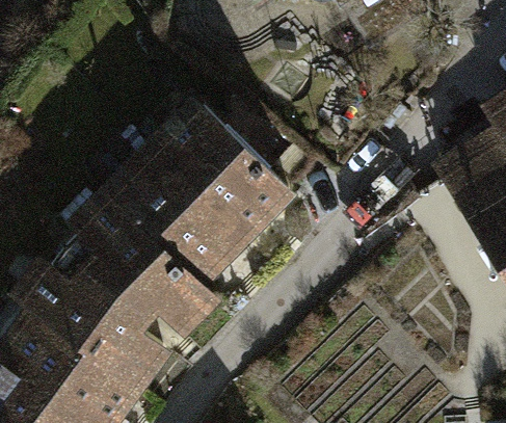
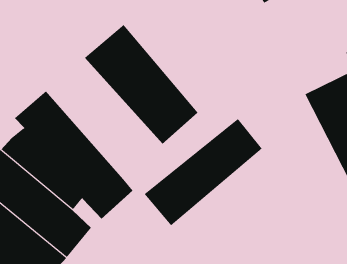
building: [105,135,256,284] -> none
building: none -> [144,118,262,226]

